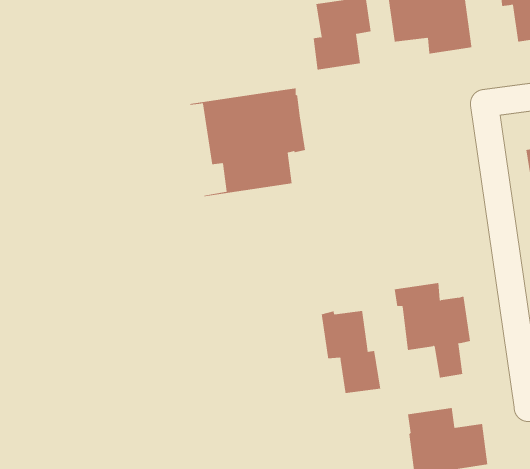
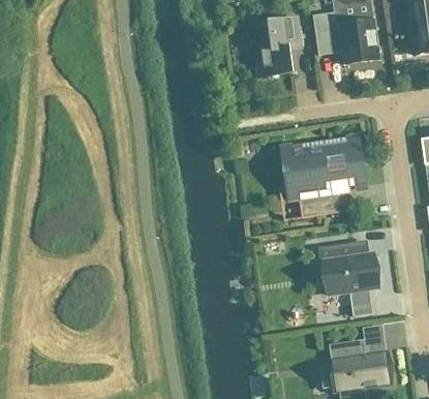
building: [189,88,306,197] -> [273,135,364,220]
building: [321,310,381,394] -> none

